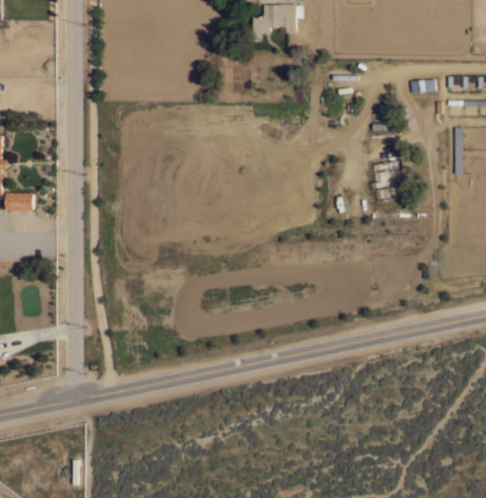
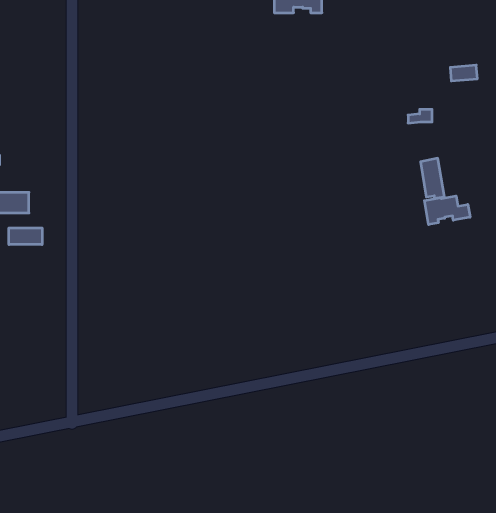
building: none -> [424,196,470,225]
building: none -> [9,228,42,245]

